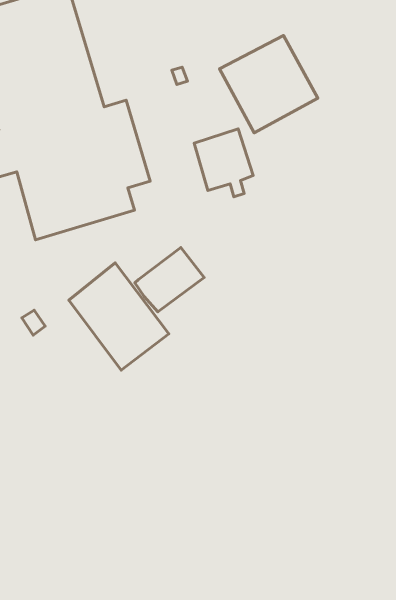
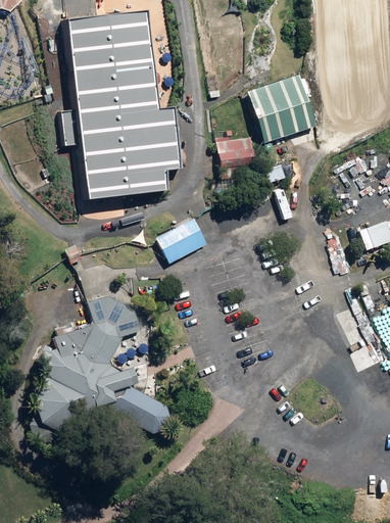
building: [69,263,169,370] -> none
building: none -> [30,296,170,448]

